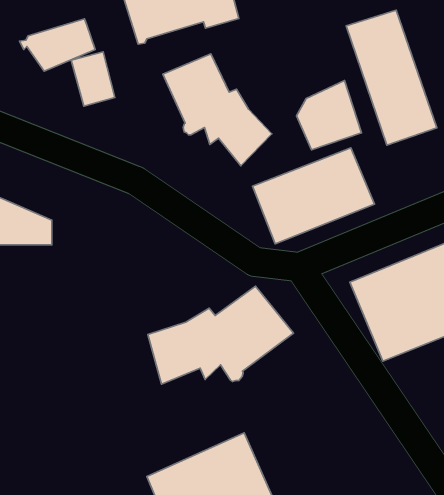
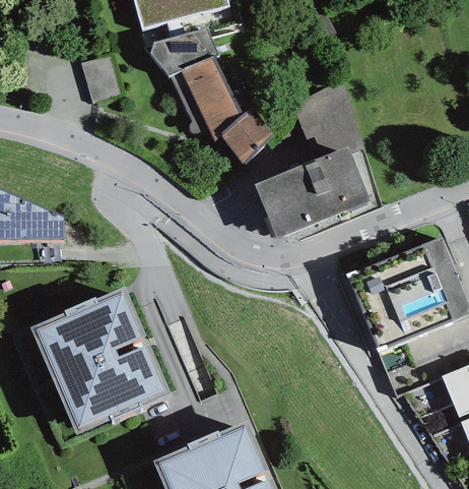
building: [346,10,437,145] -> none
building: [19,19,95,71] -> [146,26,218,76]
building: [148,286,293,384] -> none
building: none -> [30,285,172,432]

